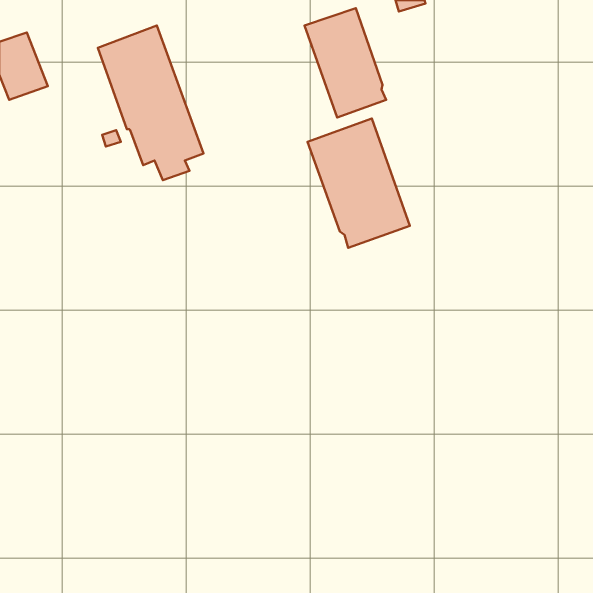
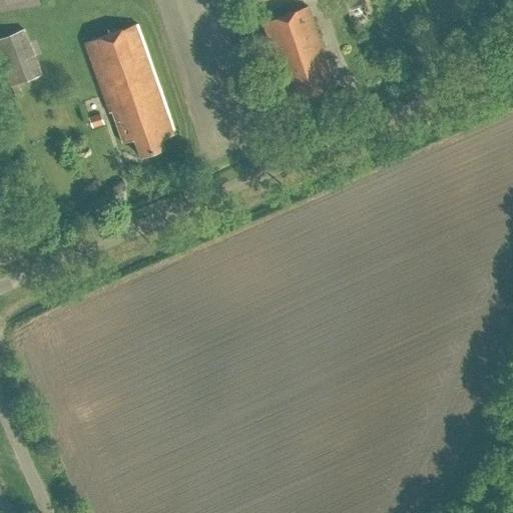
building: [308,118,410,248] -> none

